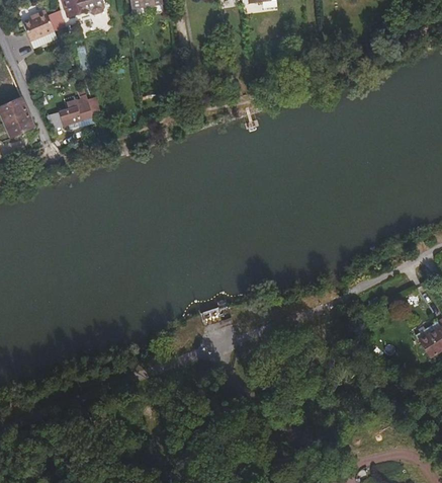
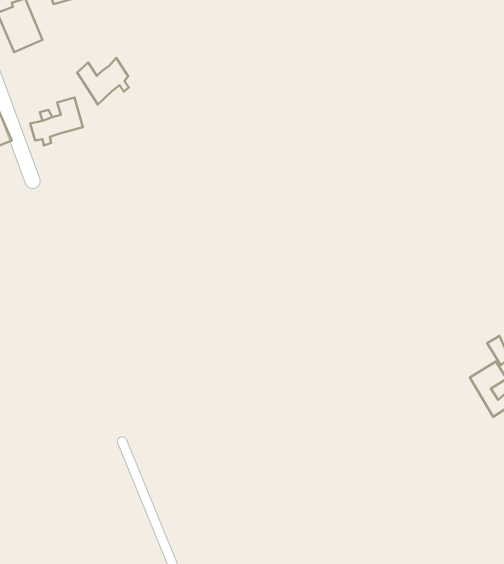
building: none -> [77,58,129,104]

